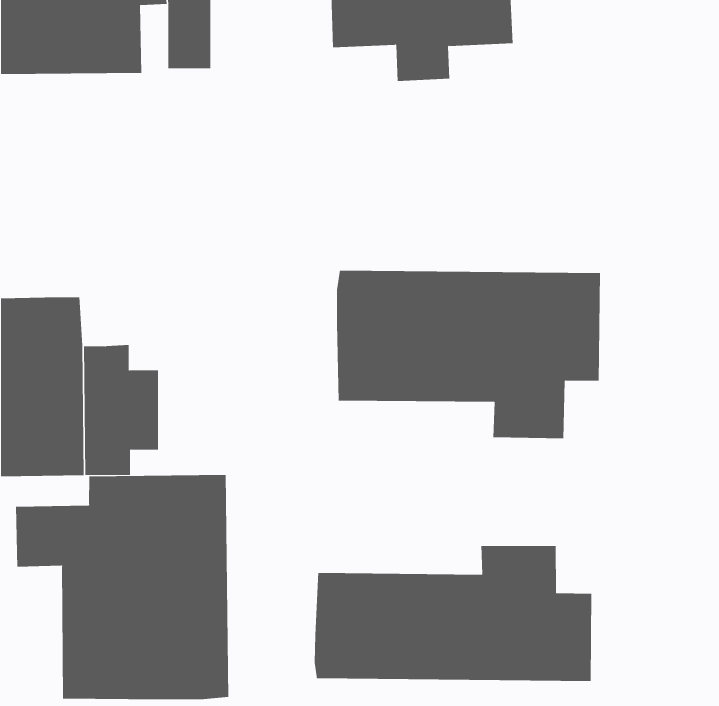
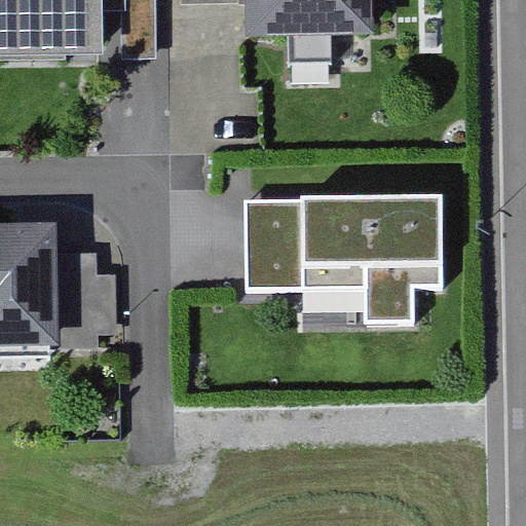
building: [15,474,229,700] -> none
building: [314,545,592,682] -> none

